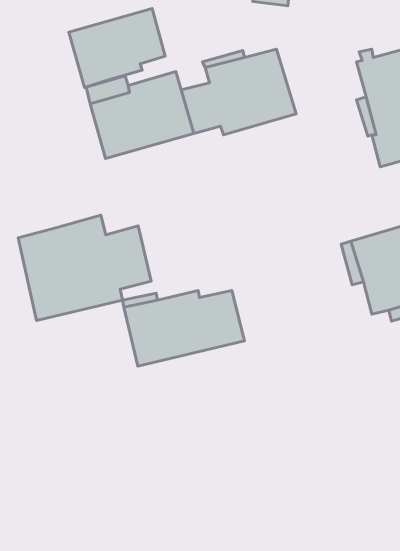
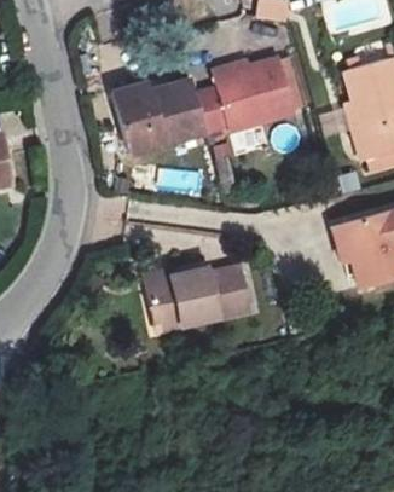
building: [69,9,165,88] -> none
building: [18,215,151,321] -> none

